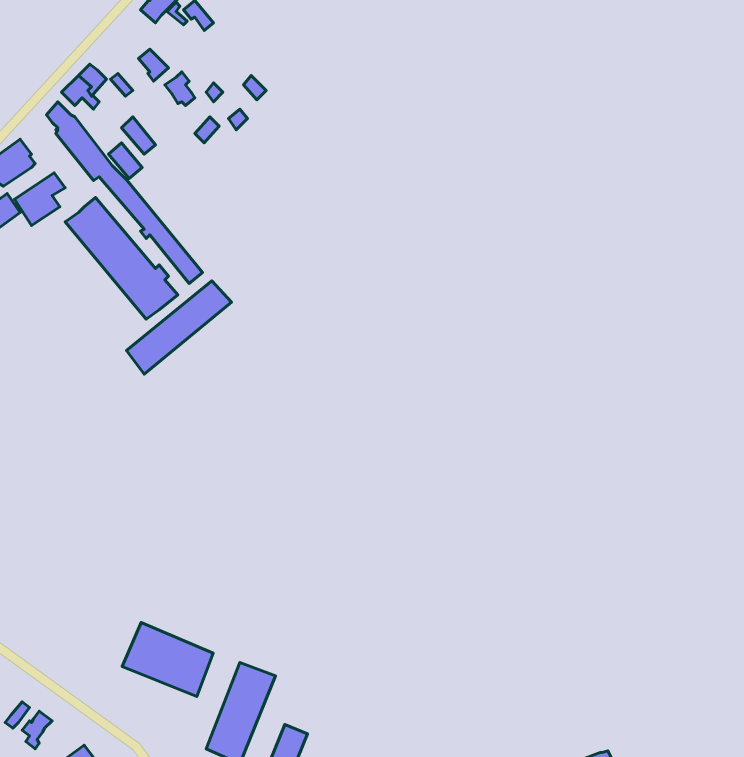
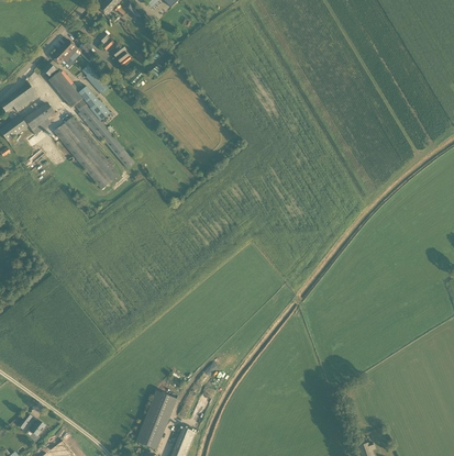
building: [126,281,231,374] -> none
building: [122,623,213,697] -> none

